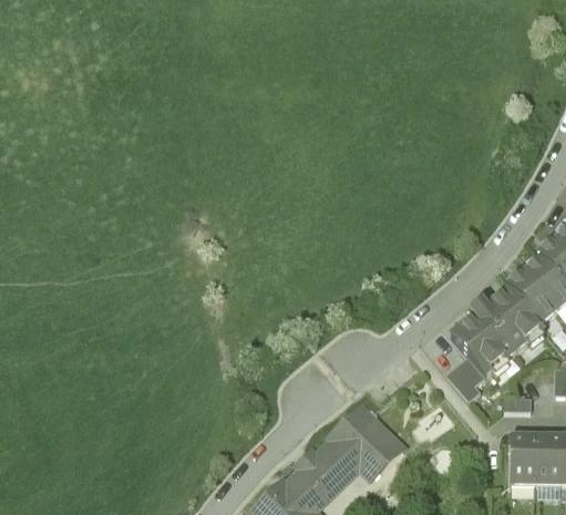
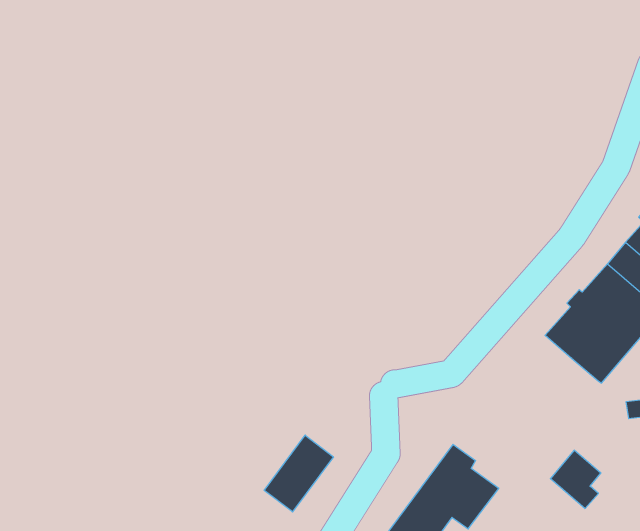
building: [445,356,485,402] -> [550,450,601,508]
building: none -> [264,435,333,512]

